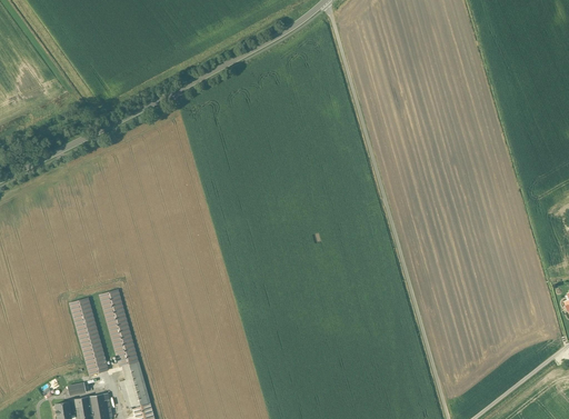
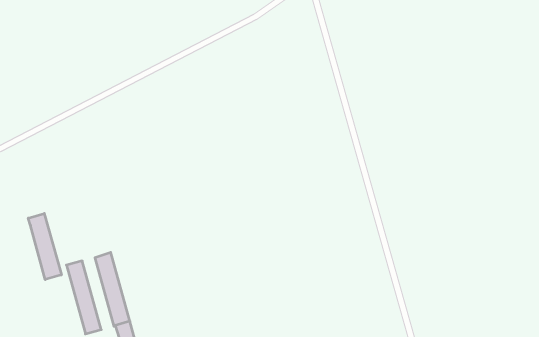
building: none -> [28,213,61,280]

